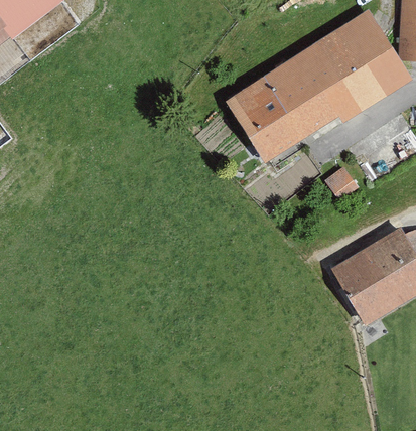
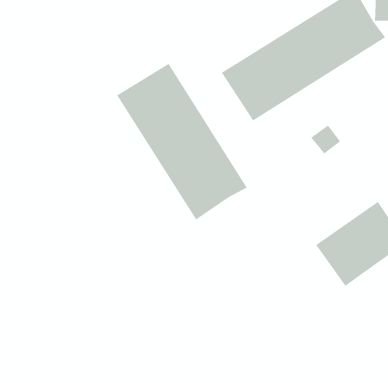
building: none -> [116,63,248,220]

